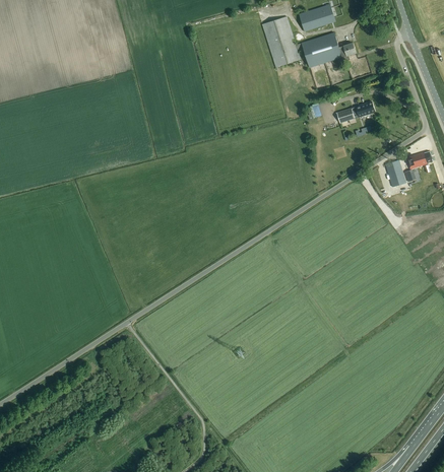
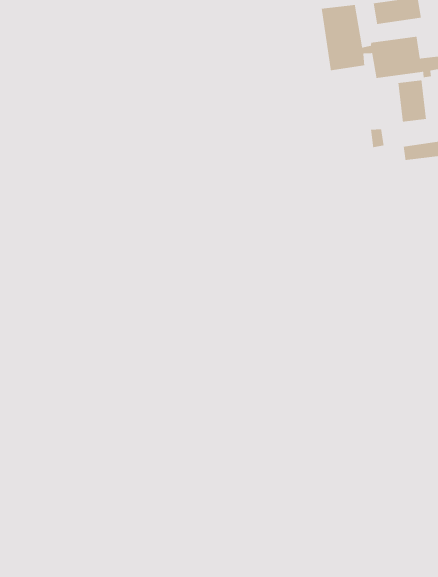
building: none -> [397,80,427,122]

